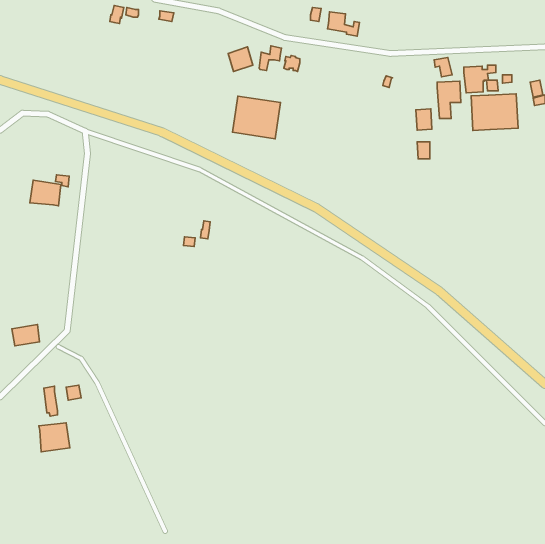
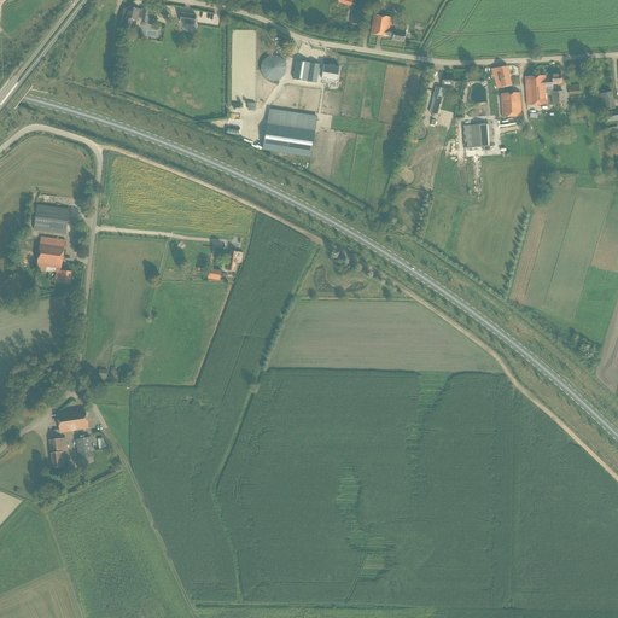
building: [471,94,518,130] -> none
building: none -> [36,235,71,282]
building: [12,325,40,346] -> [57,408,88,432]
building: [39,423,70,452] -> none

